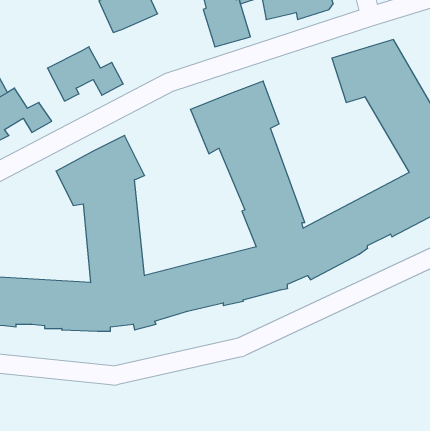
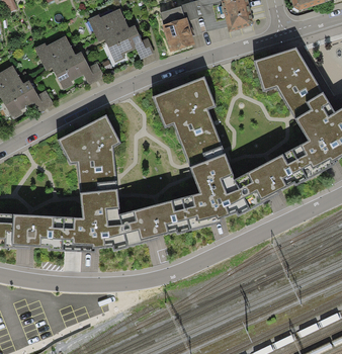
building: none -> [103,24,154,62]
building: none -> [33,34,75,69]

